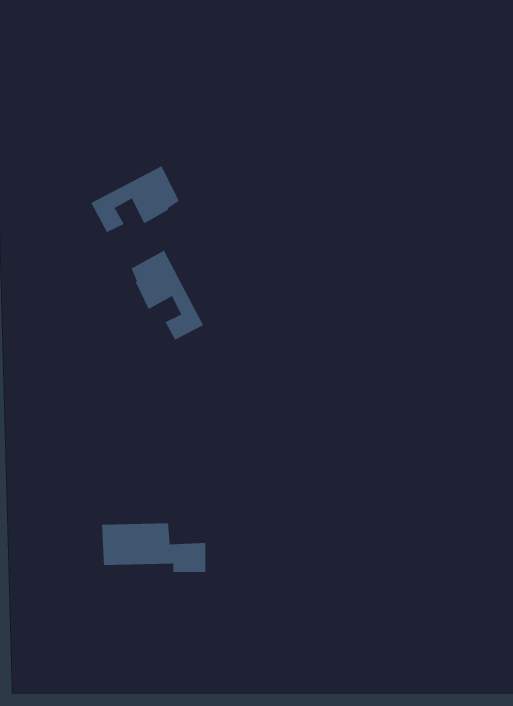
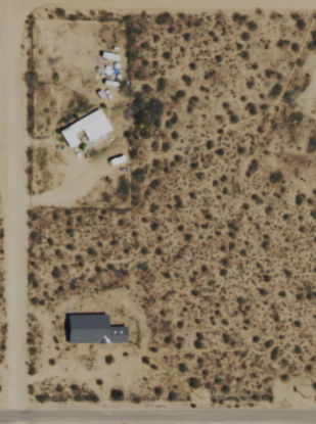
building: [131,250,204,341] -> none

